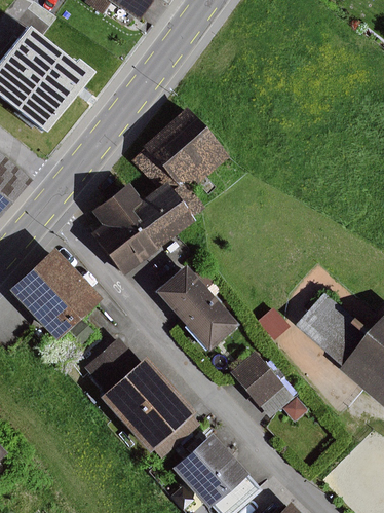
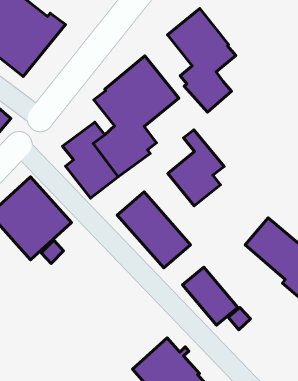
building: none -> [167,9,236,112]
building: none -> [168,130,224,206]
building: [83,337,199,460] -> none

